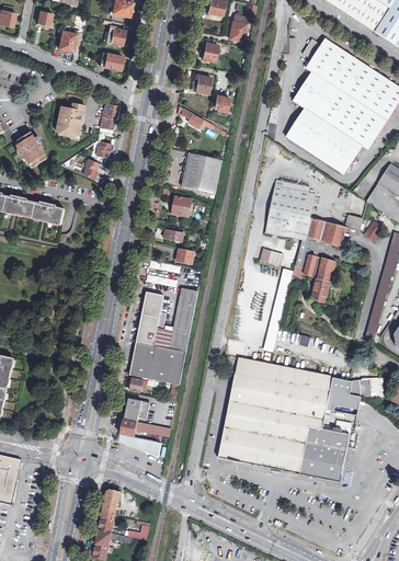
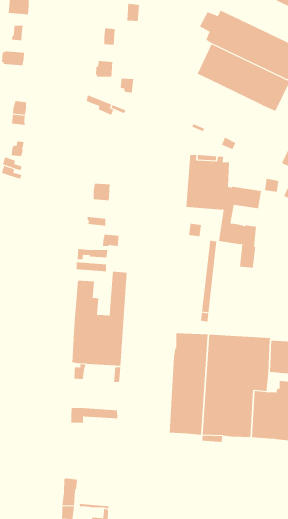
building: [286,107,362,173] -> none
building: [183,152,221,193] -> none
building: [123,397,149,421] -> none
building: [118,434,160,457] -> none

